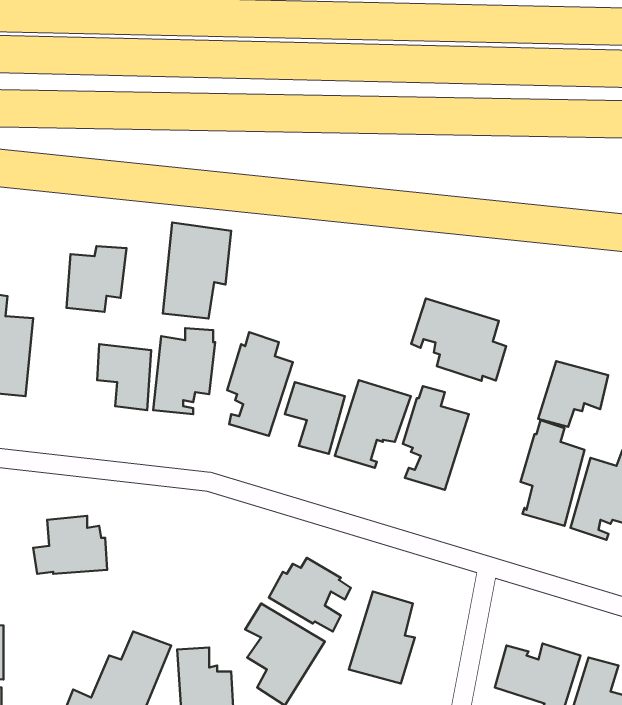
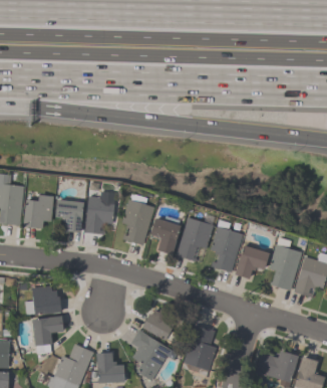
building: [163,223,231,319] -> none
building: [67,246,126,312] -> [24,195,54,228]
building: [411,299,506,381] -> none
building: [538,361,608,427] -> [234,245,269,278]
building: none -> [32,317,63,354]

